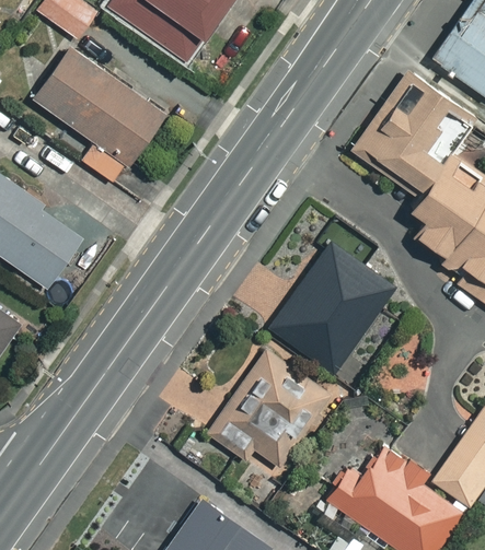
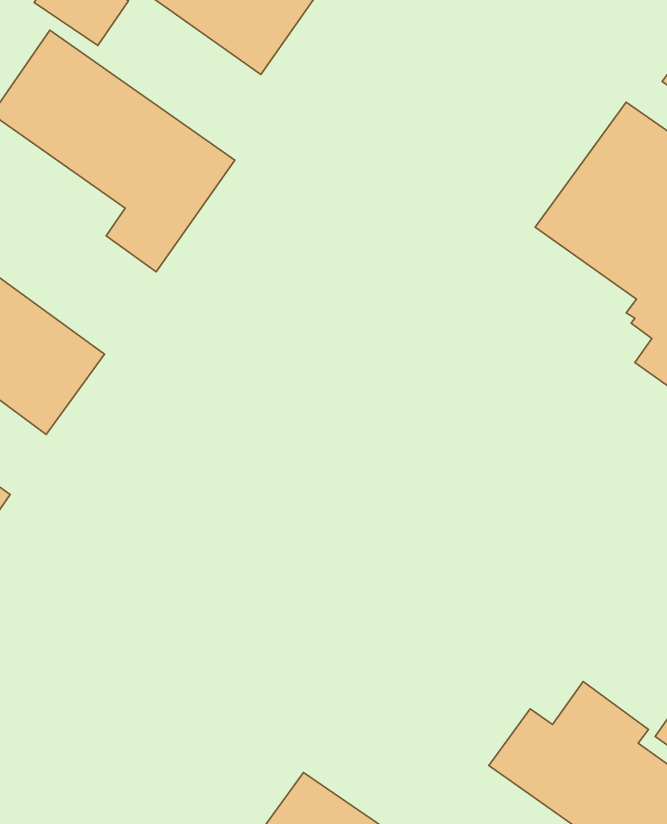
building: [268,241,394,373] -> none
building: [206,349,330,467] -> none

